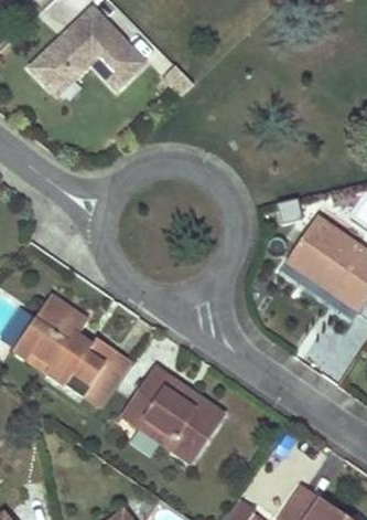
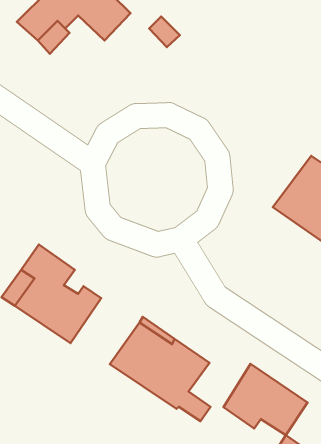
building: [83,349,132,407] -> none
building: none -> [224,364,308,435]

